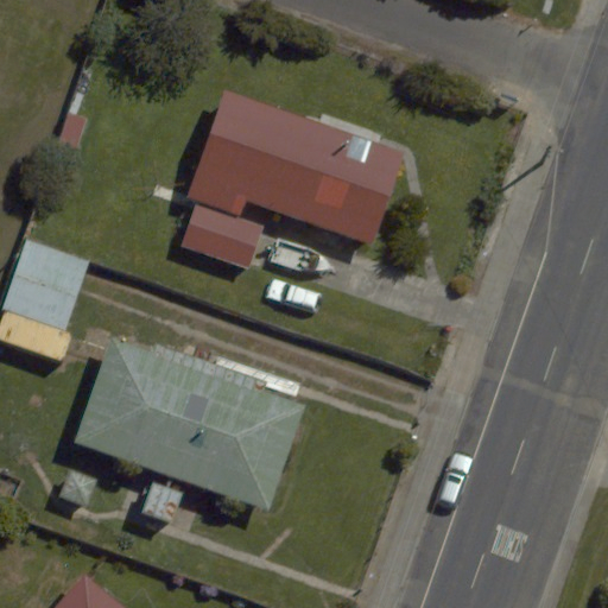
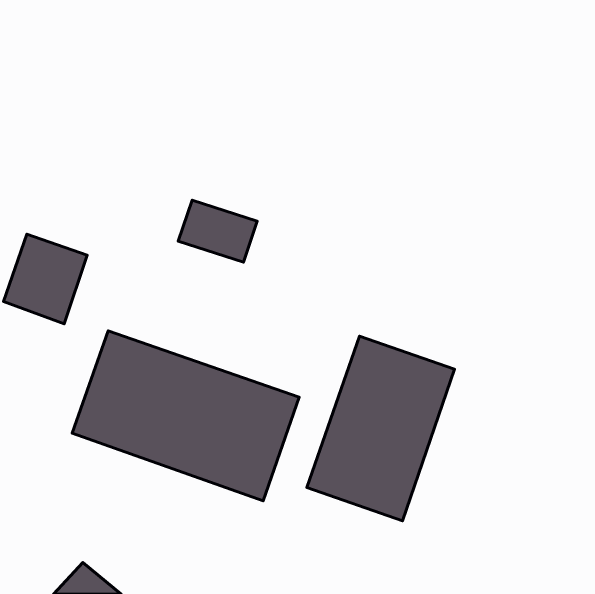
building: [188,90,403,242] -> none
building: none -> [307,336,455,521]

